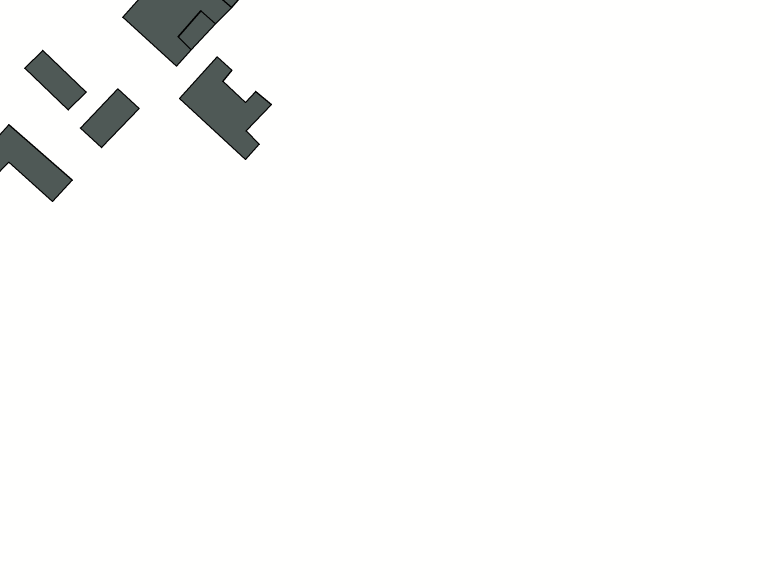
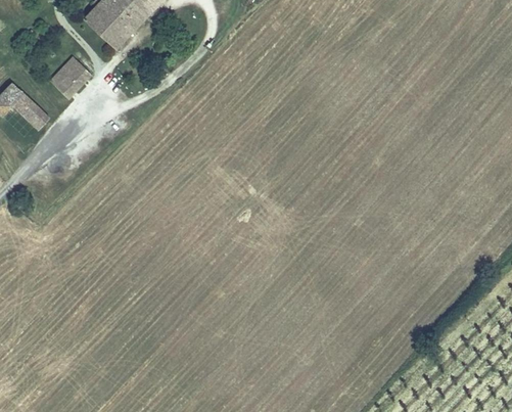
building: [25,50,86,110] -> none
building: [180,57,271,159] -> none

